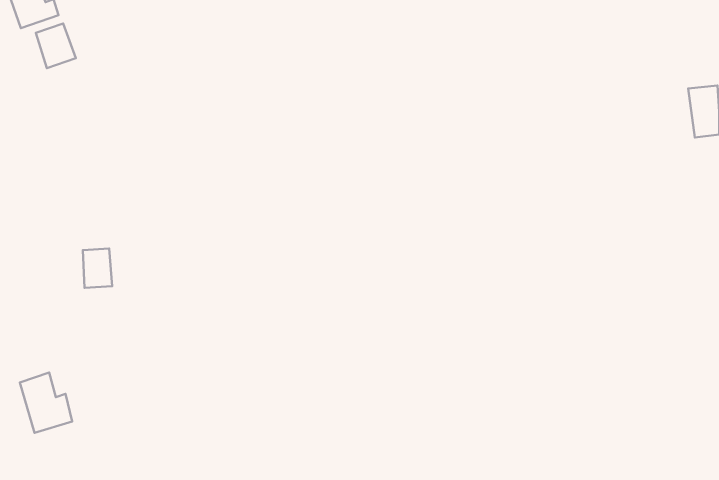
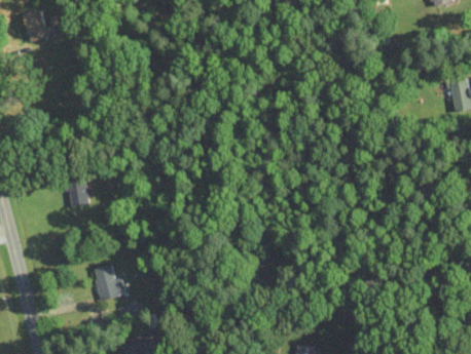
building: [36,24,76,68] -> none
building: [20,373,72,433] -> [92,264,124,302]

